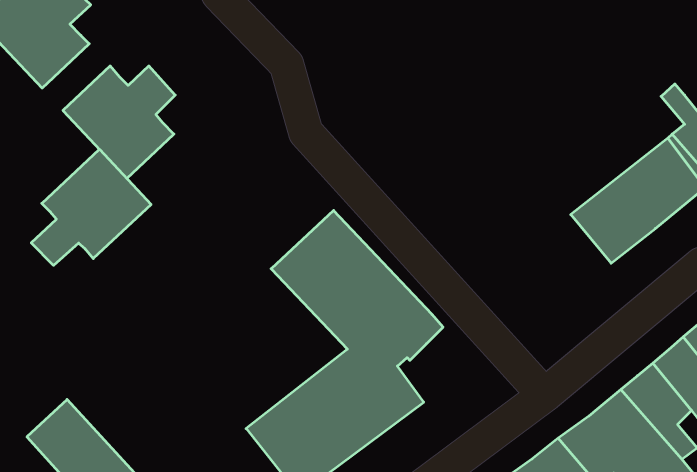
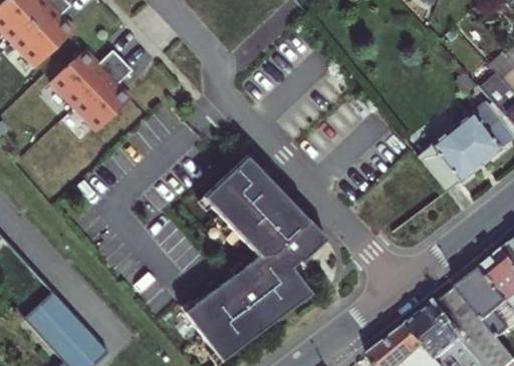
building: [31,149,151,265] -> none

